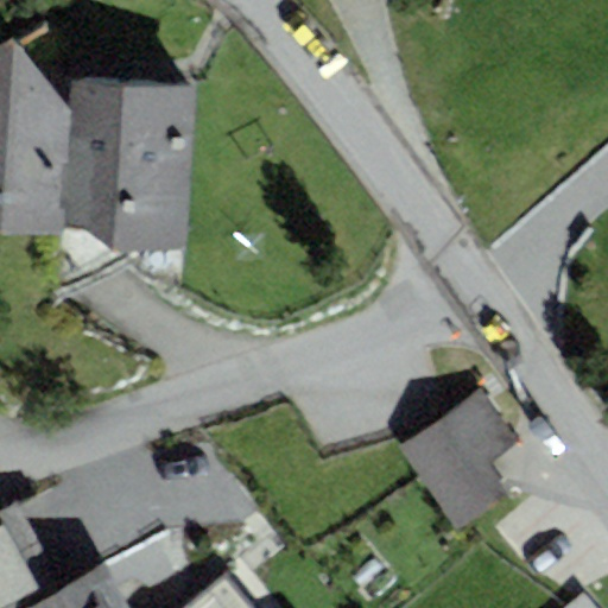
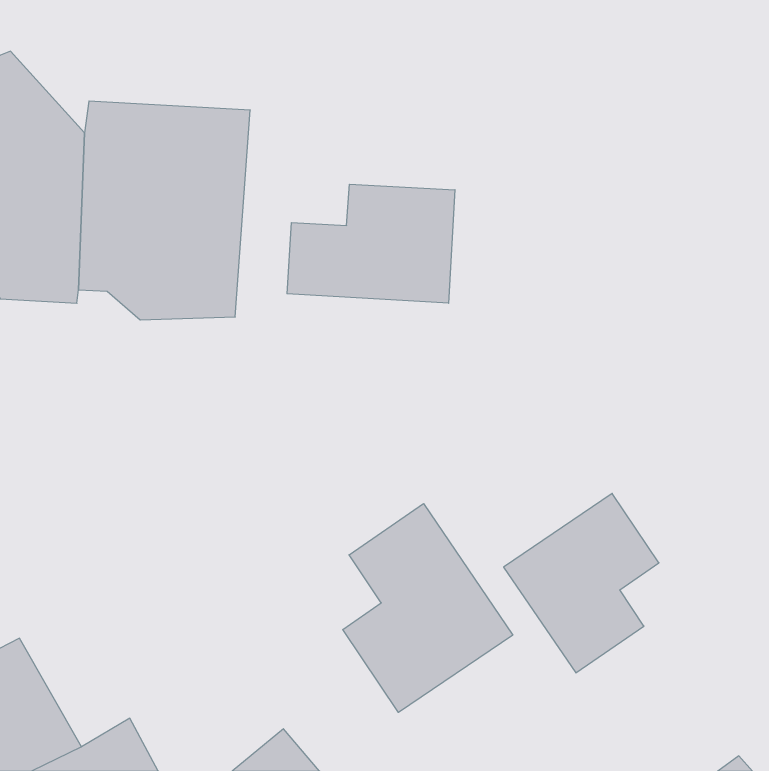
building: none -> [287,184,455,303]
building: none -> [343,504,513,712]

